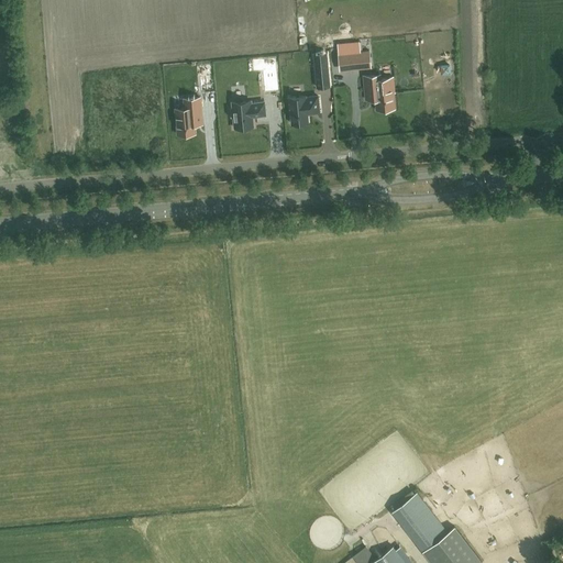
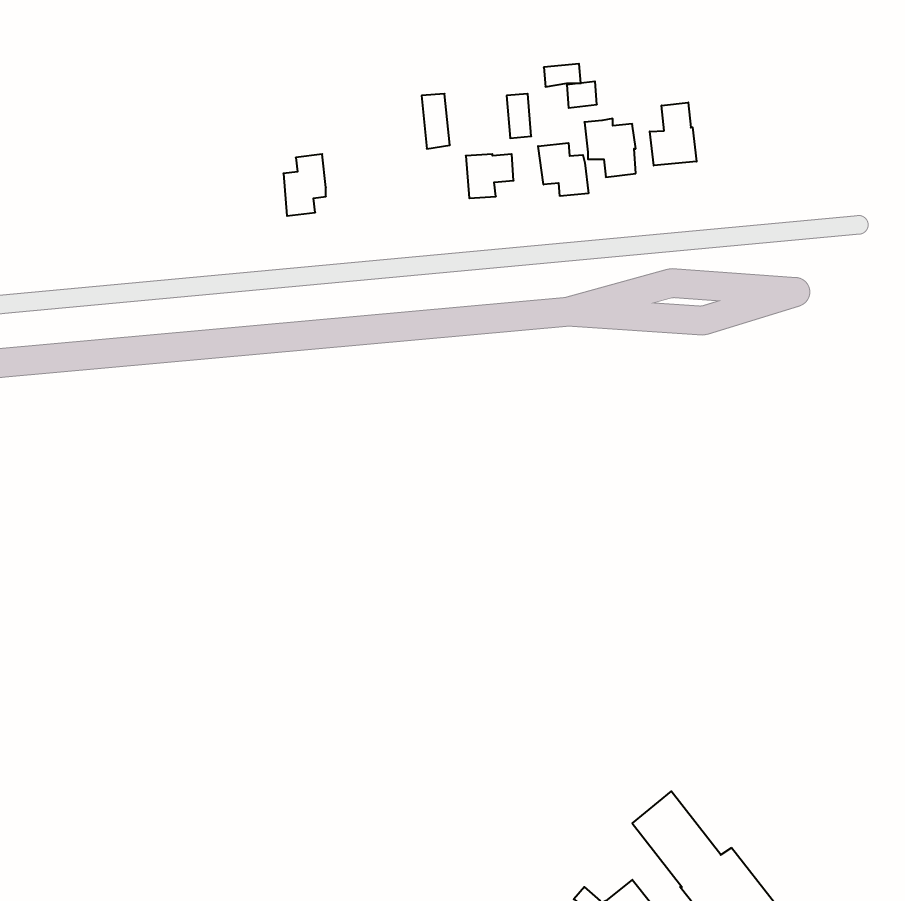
building: none -> [650,102,697,166]
building: none -> [538,143,588,196]
building: [230,102,265,130] -> none

